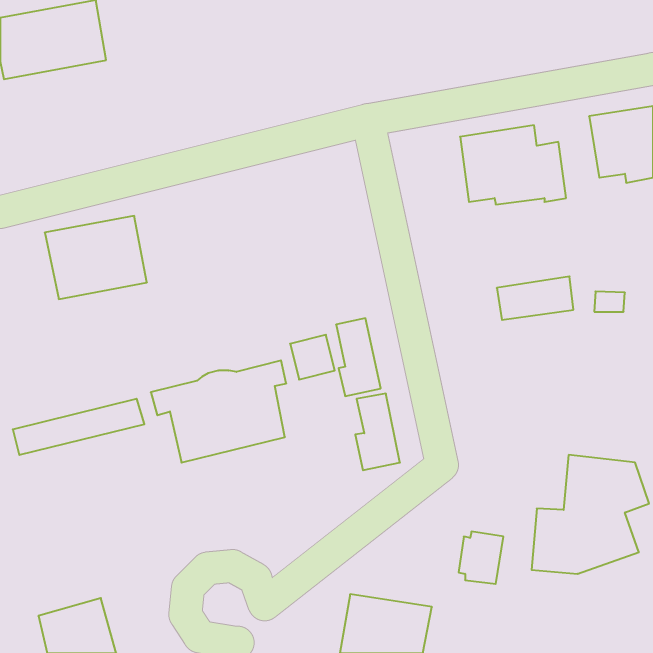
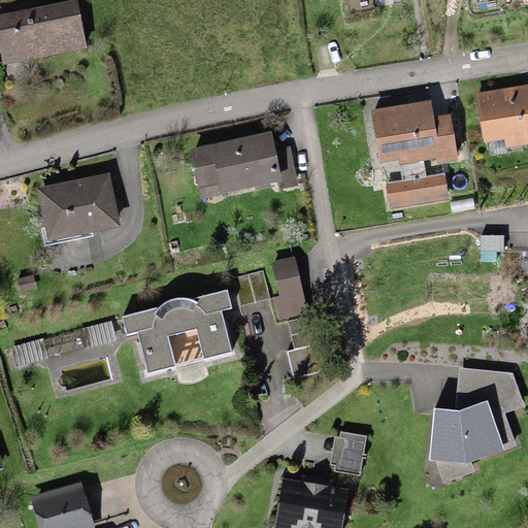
building: none -> [190,132,297,198]
building: [497,276,573,320] -> [386,173,448,208]
building: [459,532,503,584] -> [330,432,366,474]

